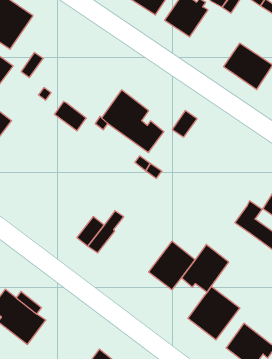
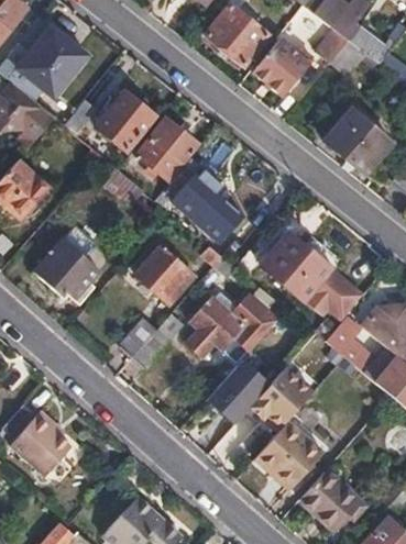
building: none -> [97,90,155,151]
building: none -> [139,119,199,180]
building: none -> [259,232,363,320]
building: none -> [136,246,194,303]
building: none -> [36,244,103,301]
building: none -> [188,292,277,355]

